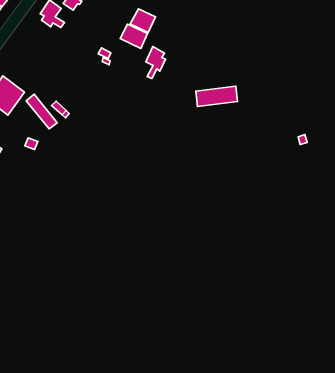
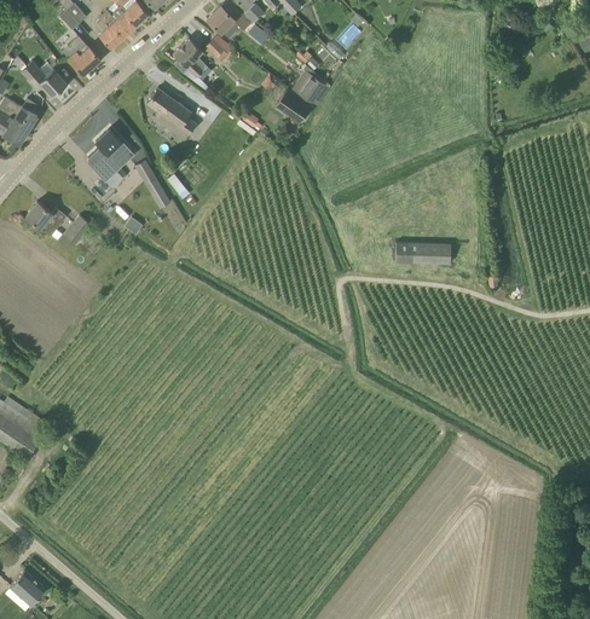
building: none -> [146,88,196,139]
building: [146,47,166,79] -> none
building: [196,86,237,106] -> [395,242,451,265]

